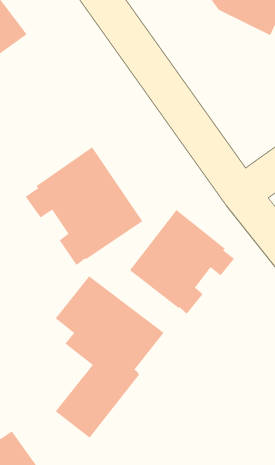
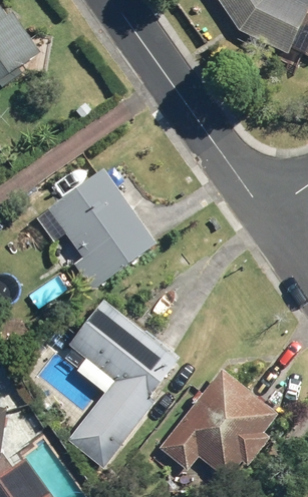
building: [129,209,235,315] -> none
building: none -> [156,366,280,479]

